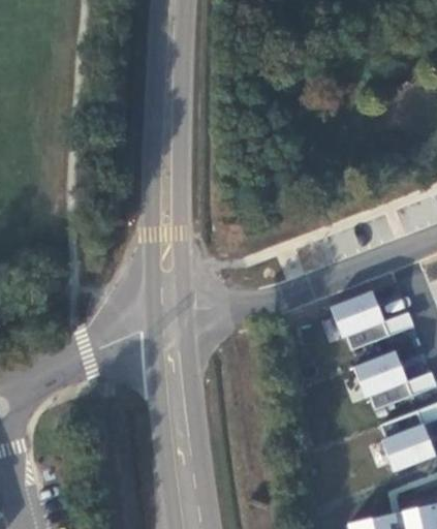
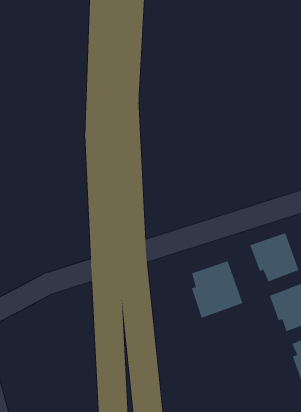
building: none -> [191,260,244,319]

